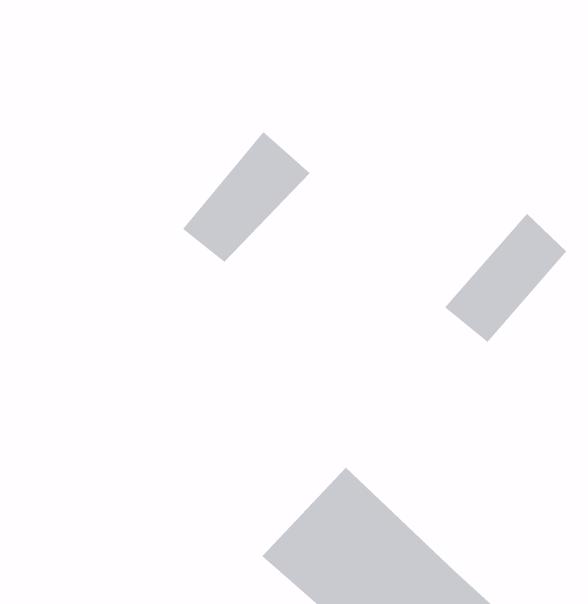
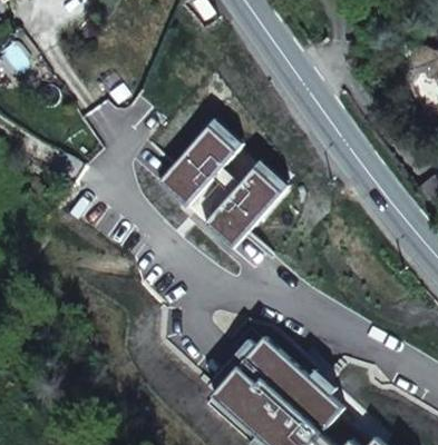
building: [444,213,567,343] -> [203,160,284,246]

